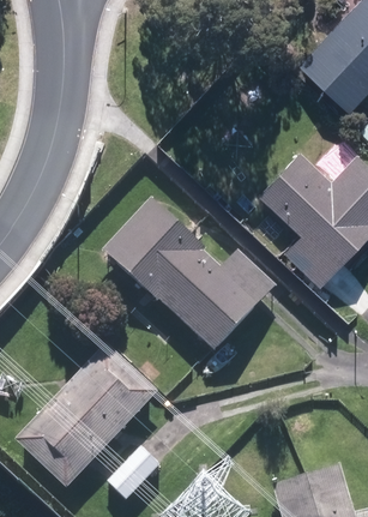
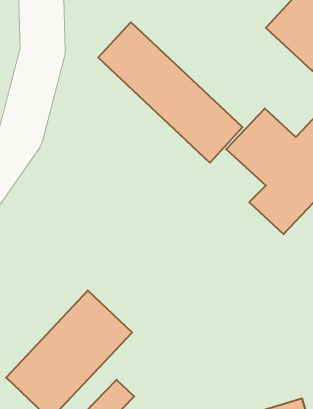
building: none -> [98,22,243,163]
building: [102,202,272,353] -> none

